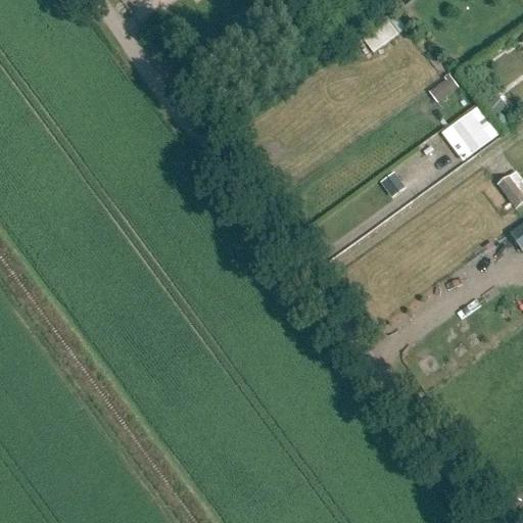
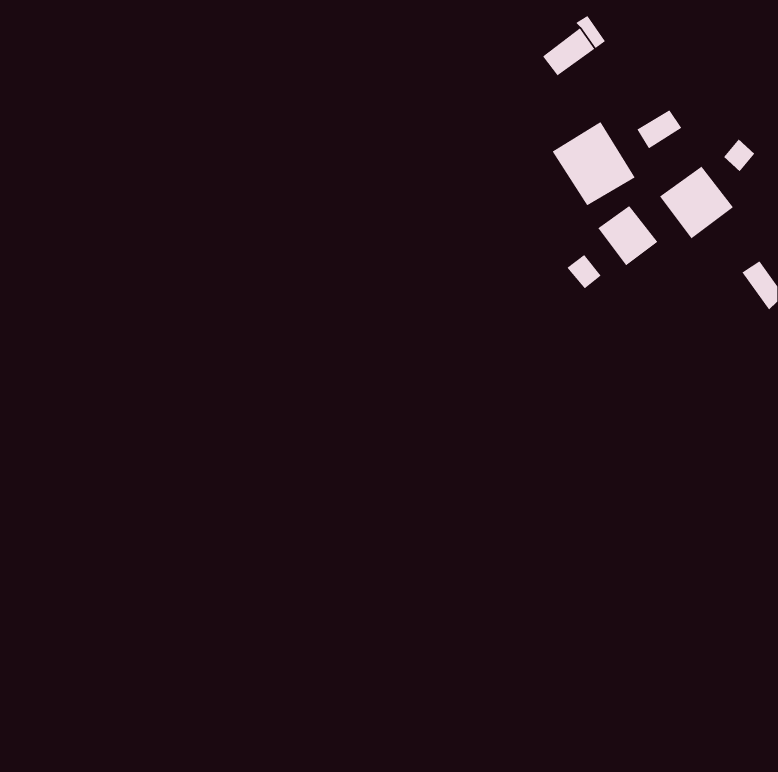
building: none -> [552,121,635,206]
building: none -> [597,205,658,266]

